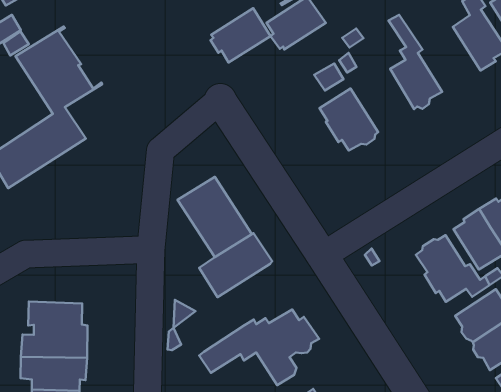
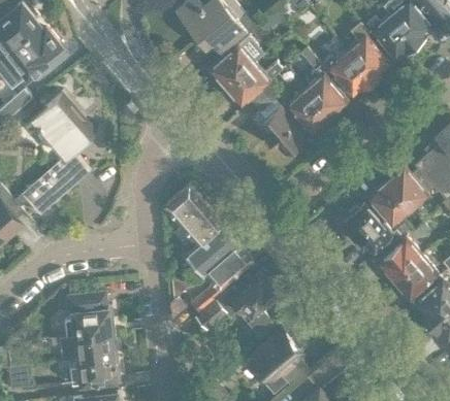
building: [210,8,270,63] -> [225,63,268,105]
building: none -> [322,53,371,96]
building: none -> [286,90,326,132]
building: none -> [189,244,252,315]

